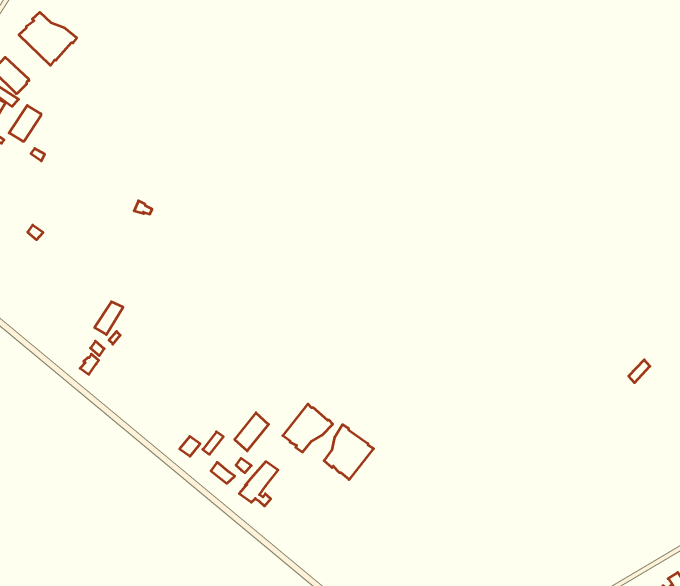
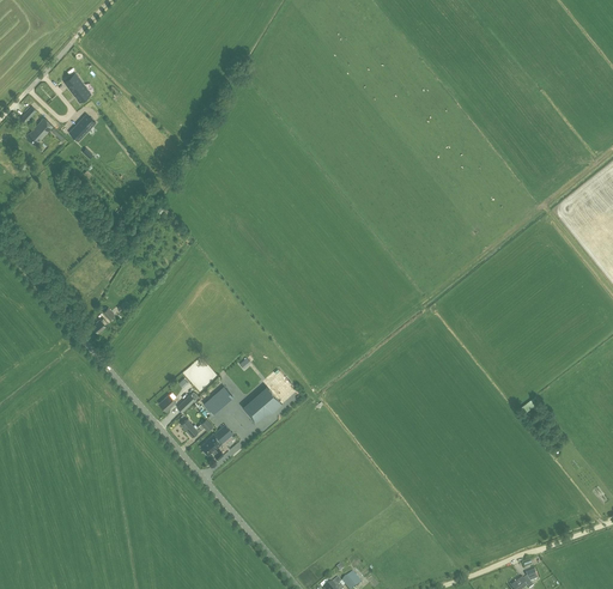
building: [19,12,77,65] -> none
building: [324,425,374,480] -> none

